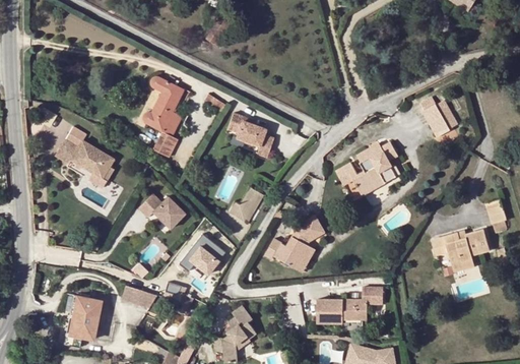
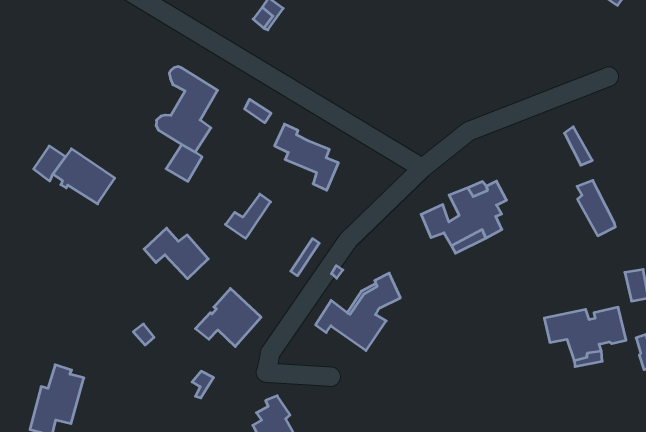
building: [420,99,450,138] -> [577,180,615,236]
building: [228,188,259,221] -> [225,194,271,238]
building: [122,286,156,308] -> none
building: [317,286,384,323] -> none

